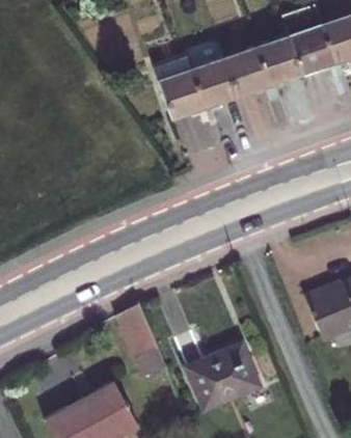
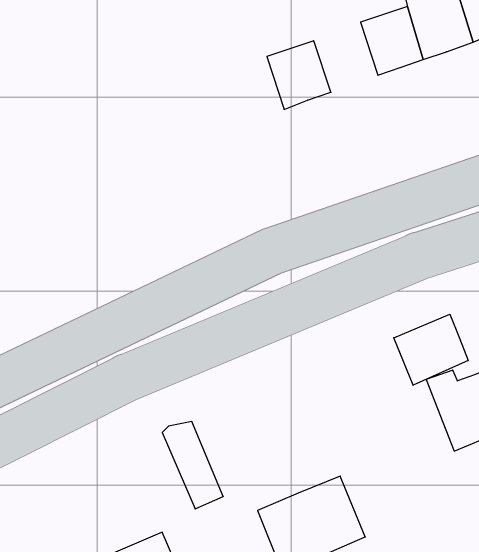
building: [226,48,269,94] -> none
building: [153,58,207,118] -> none
building: none -> [394,314,468,385]

